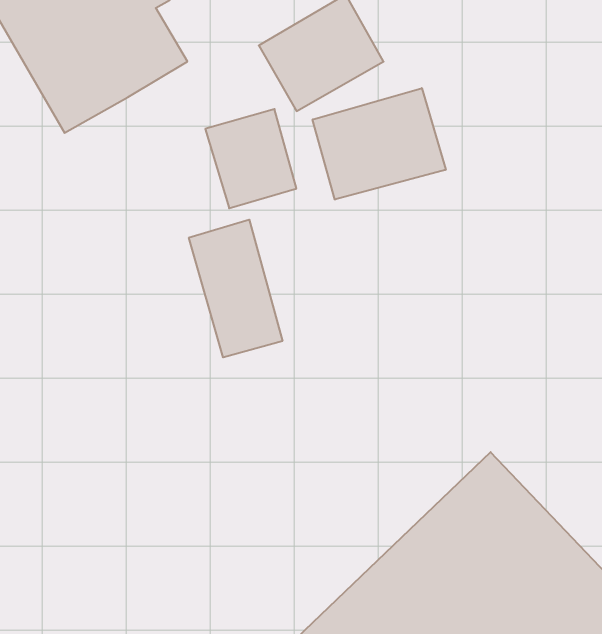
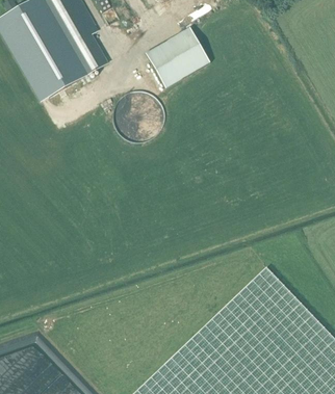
building: [313,88,446,200] -> none
building: [189,220,282,357] -> none

